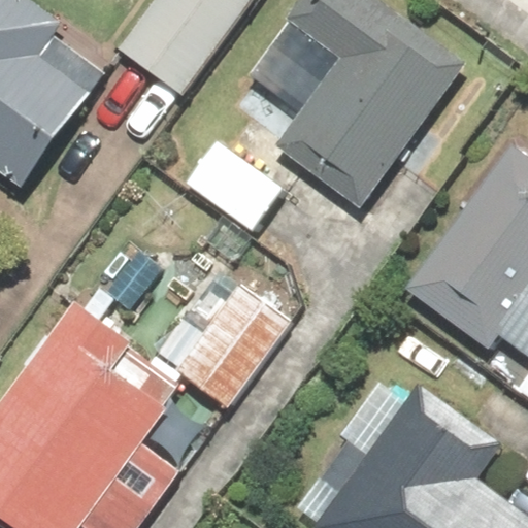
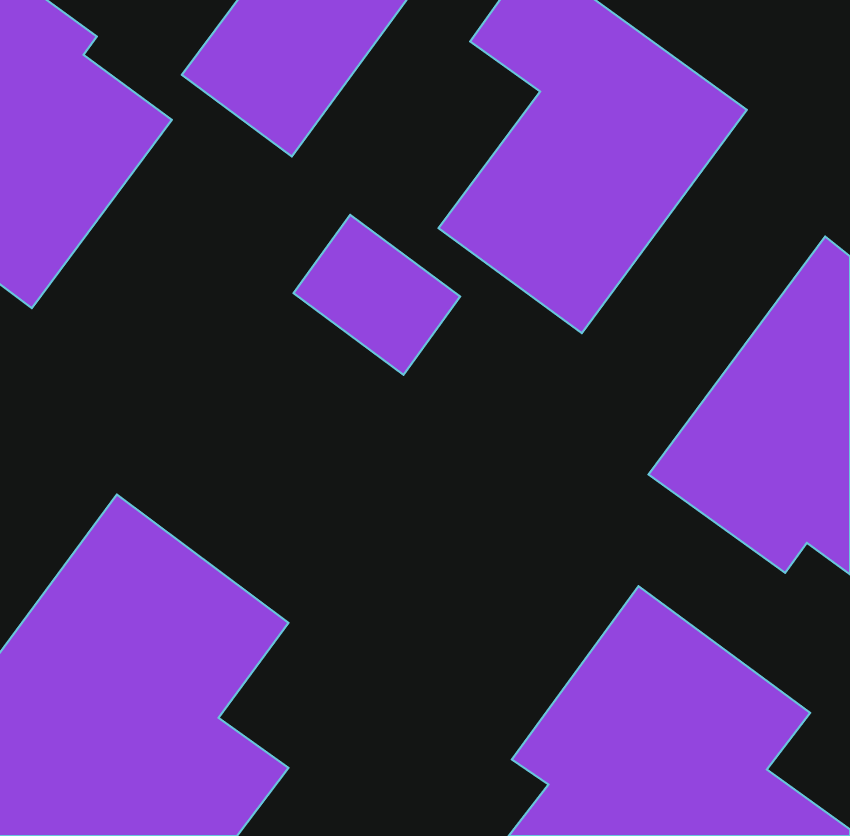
building: [171,282,290,409] -> none

